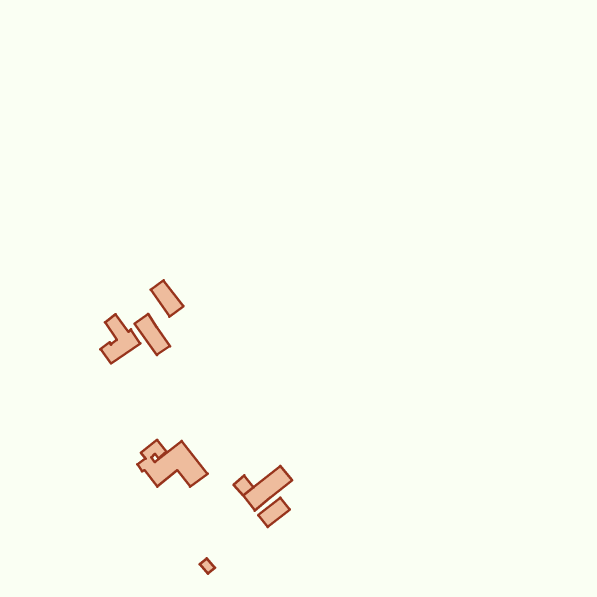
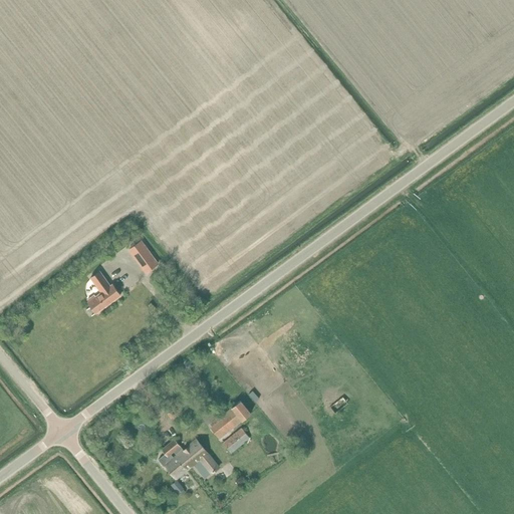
building: [135,314,170,355] -> none
building: [137,440,208,487] -> [159,439,219,479]

